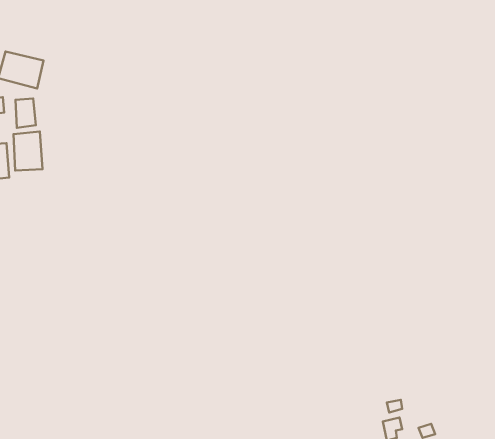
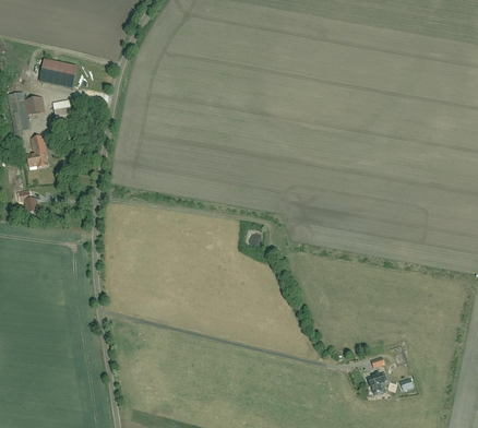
building: [14,132,42,170] -> none

